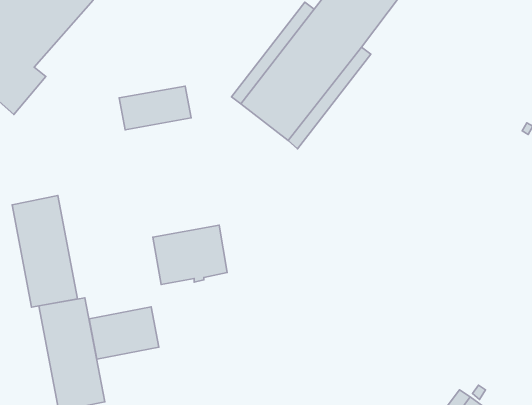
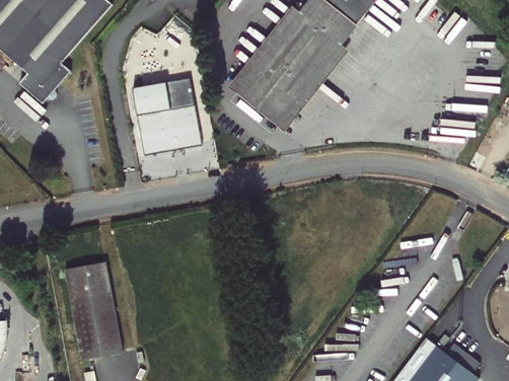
building: [12,196,78,307] -> none
building: [153,225,227,284] -> [138,106,202,157]
building: [89,307,159,359] -> none

